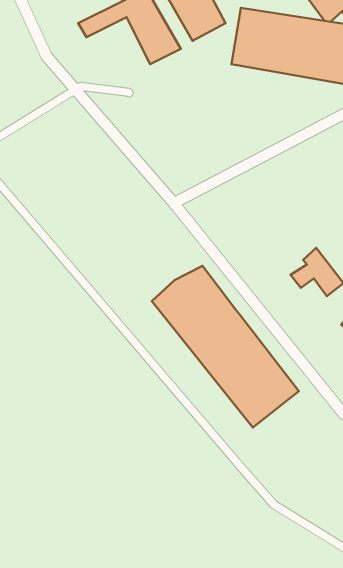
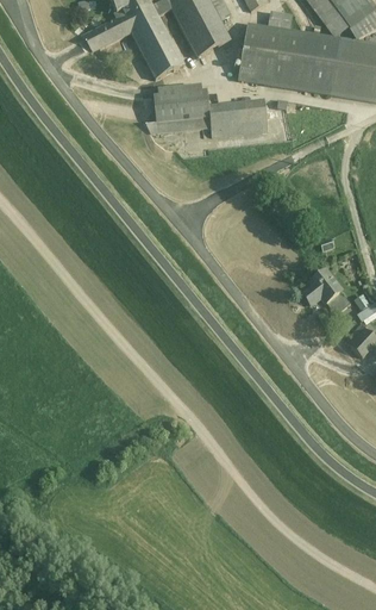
building: none -> [149,85,269,137]
building: [152,266,299,427] -> none

